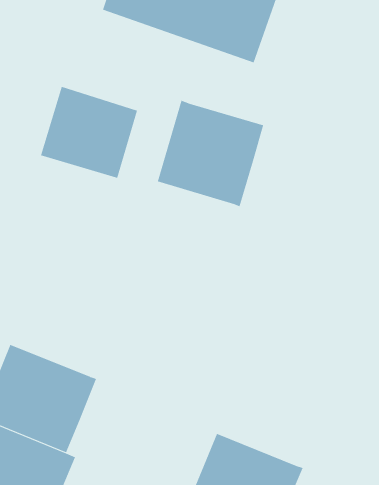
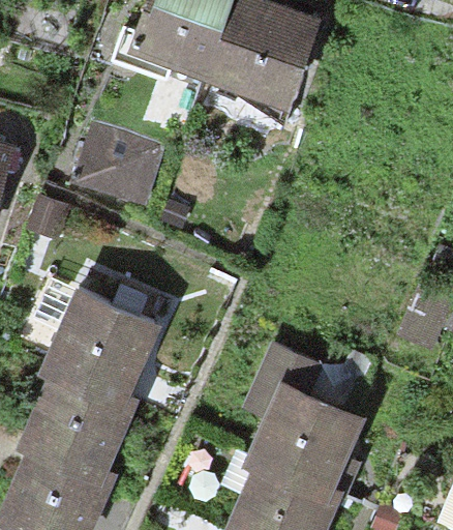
building: [157,100,264,207] -> none
building: none -> [41,293,158,406]
building: none -> [245,381,362,494]

